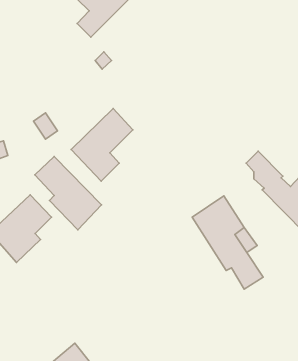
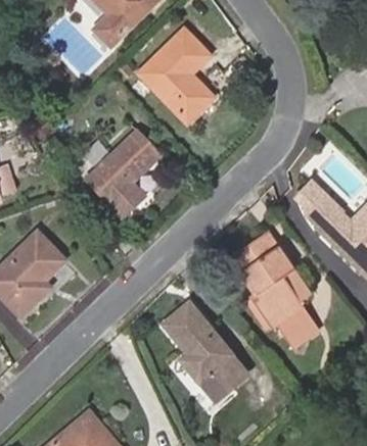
building: none -> [141,31,211,119]
building: [35,157,101,230] -> none
building: none -> [163,301,250,405]

